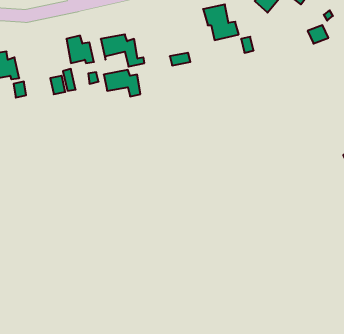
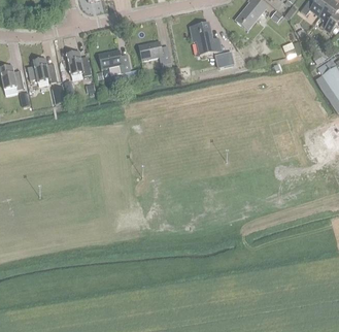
building: none -> [27,57,57,81]
building: [104,70,140,96] -> [137,40,170,64]

